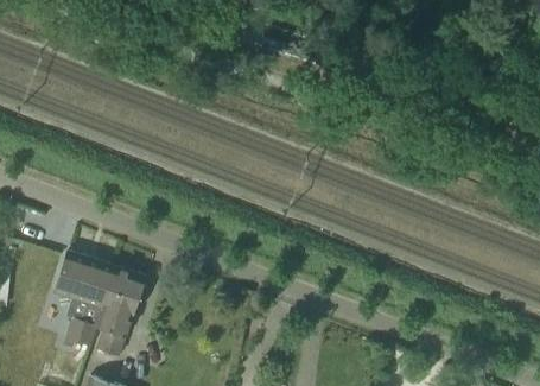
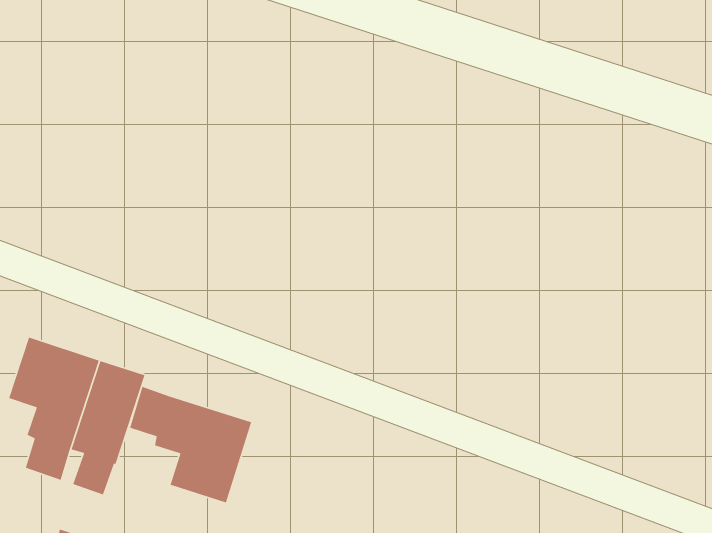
building: none -> [129,386,252,503]

